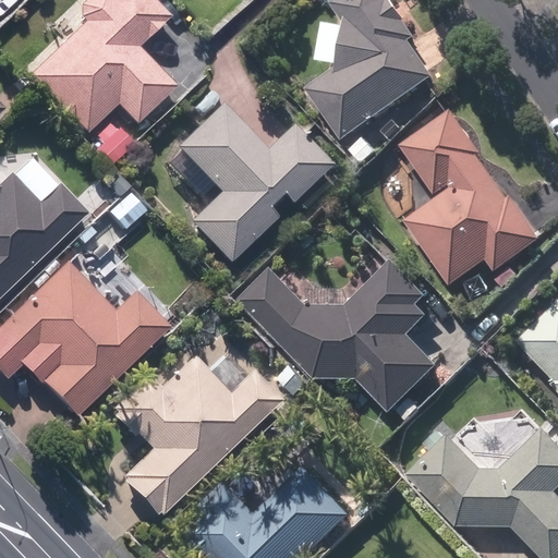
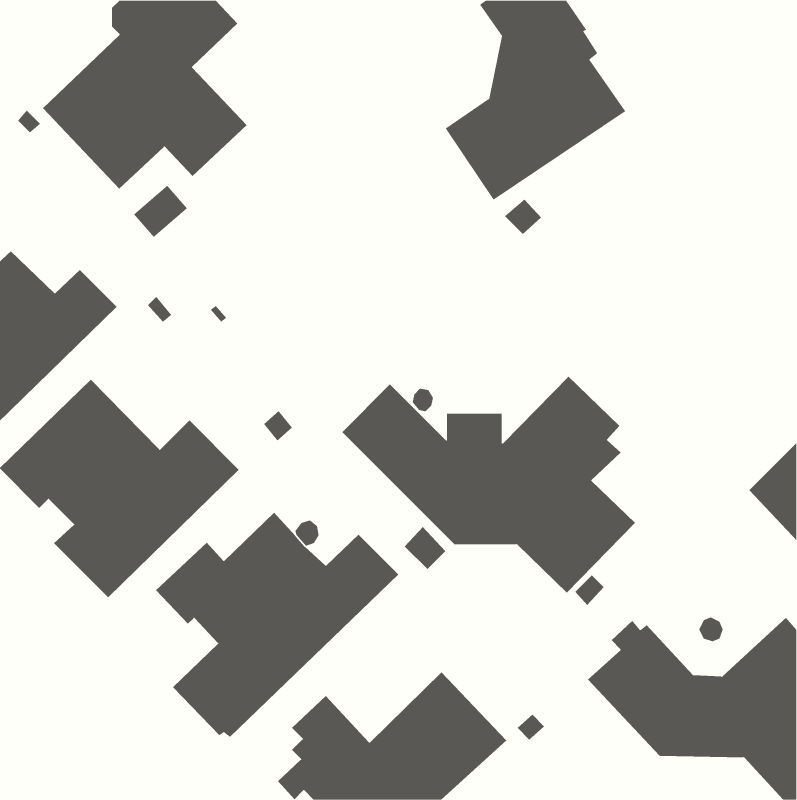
building: [175,105,329,263] -> none
building: [404,111,544,284] -> none

